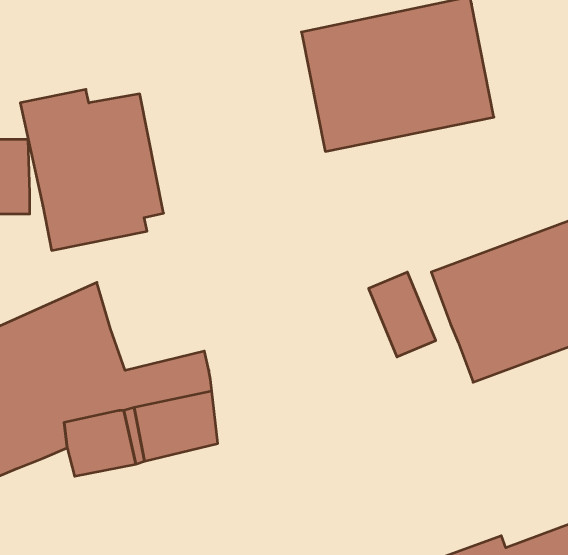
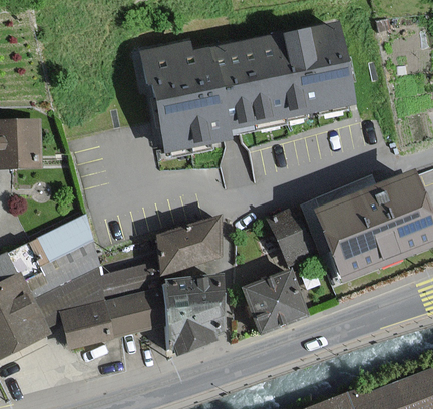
building: [20,89,164,250] -> [142,44,239,152]
building: none -> [154,216,220,275]
building: none -> [243,272,305,332]
building: none -> [161,275,221,355]

